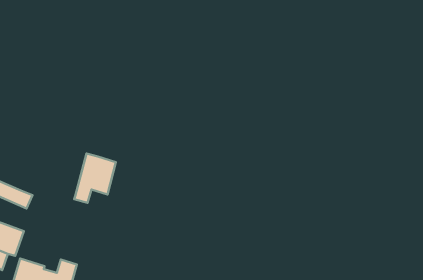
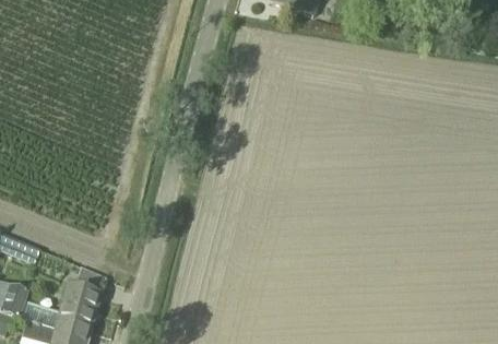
building: [74,154,116,203] -> [52,278,100,335]

